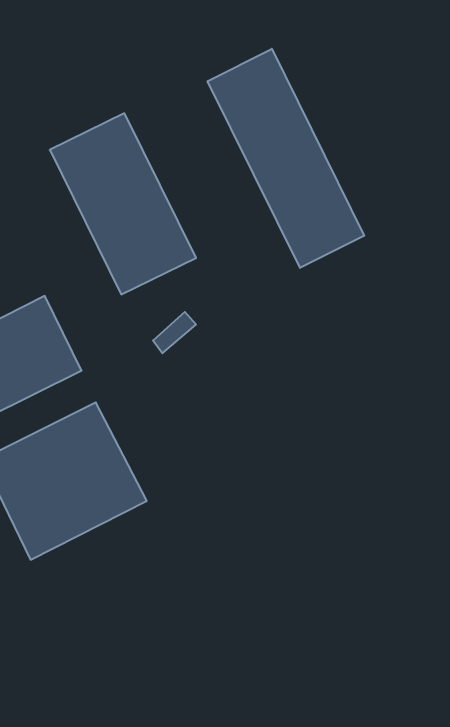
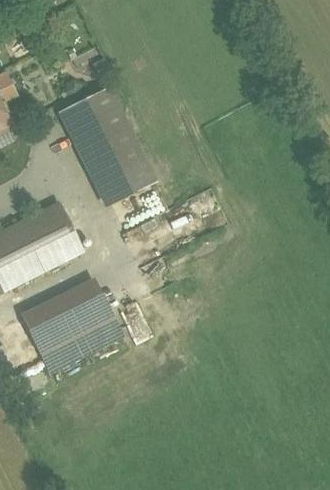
building: [208,49,364,268] -> none

